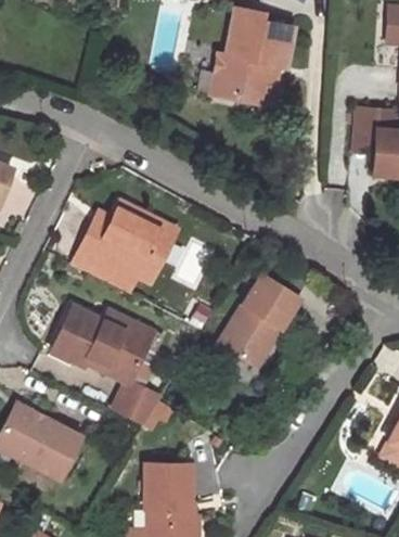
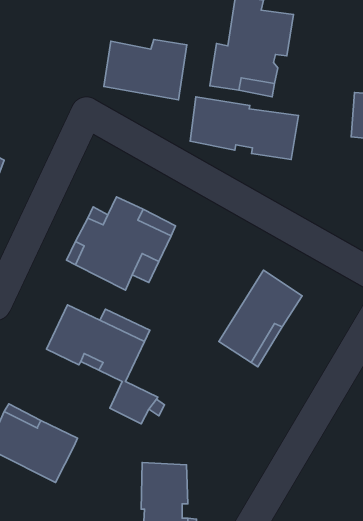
building: none -> [104,40,187,100]
building: none -> [190,97,298,160]

